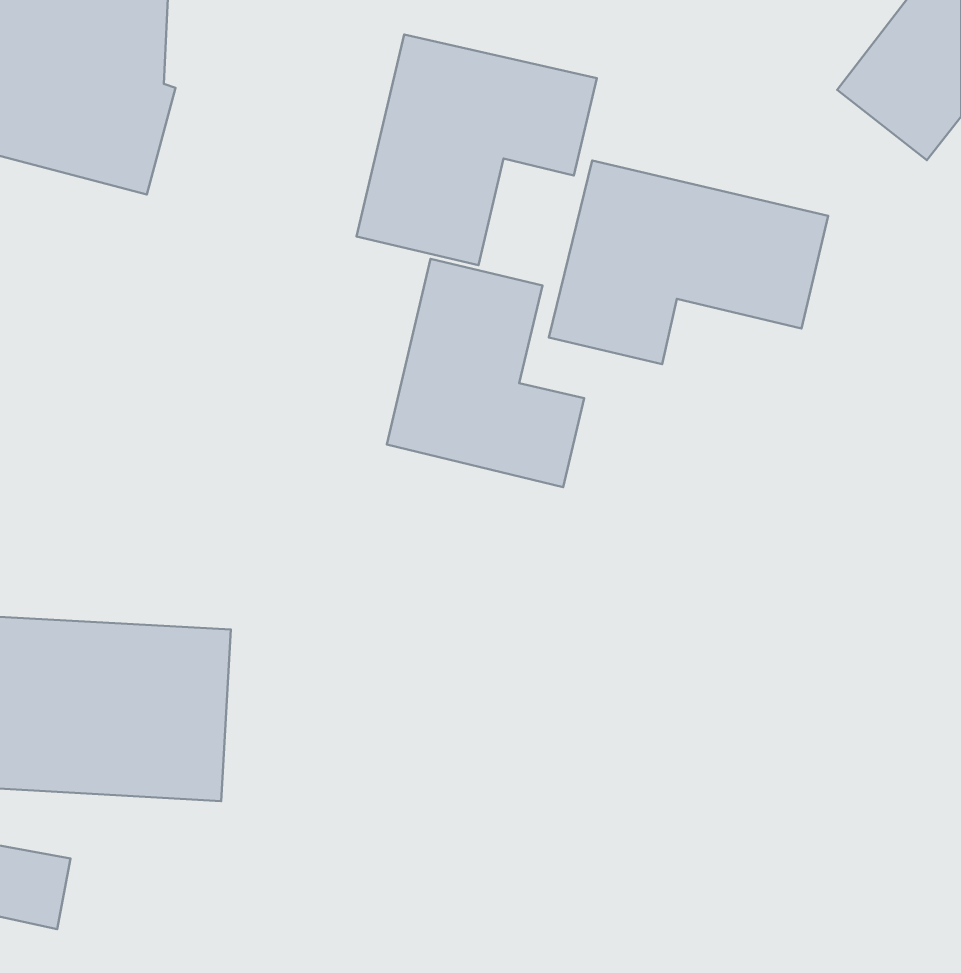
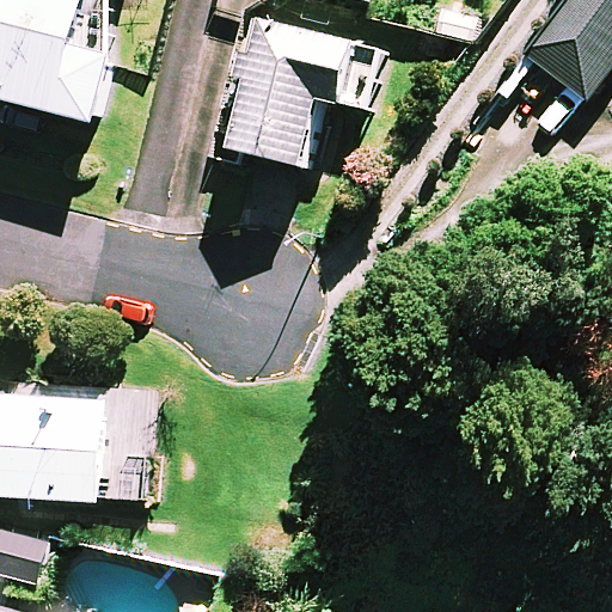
building: [549,160,828,364] -> none
building: [387,259,584,487] -> none

